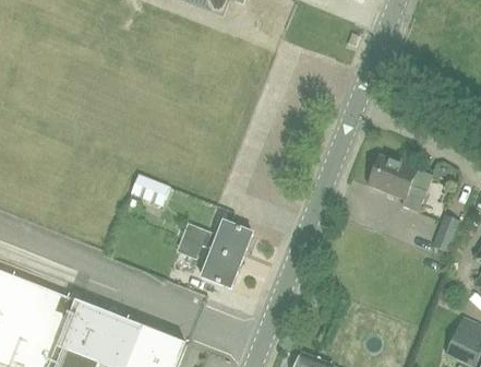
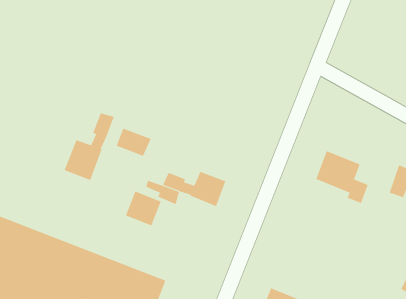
building: [368,154,426,213] -> [315,151,369,204]
building: none -> [64,112,115,181]
building: [201,249,241,288] -> [125,191,162,226]

